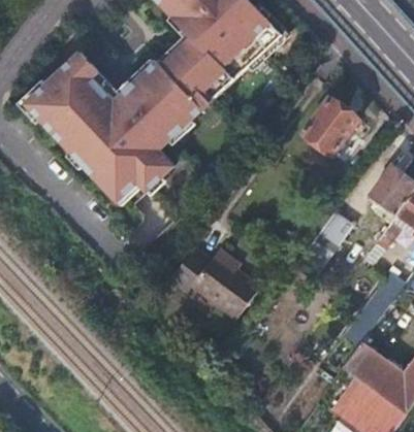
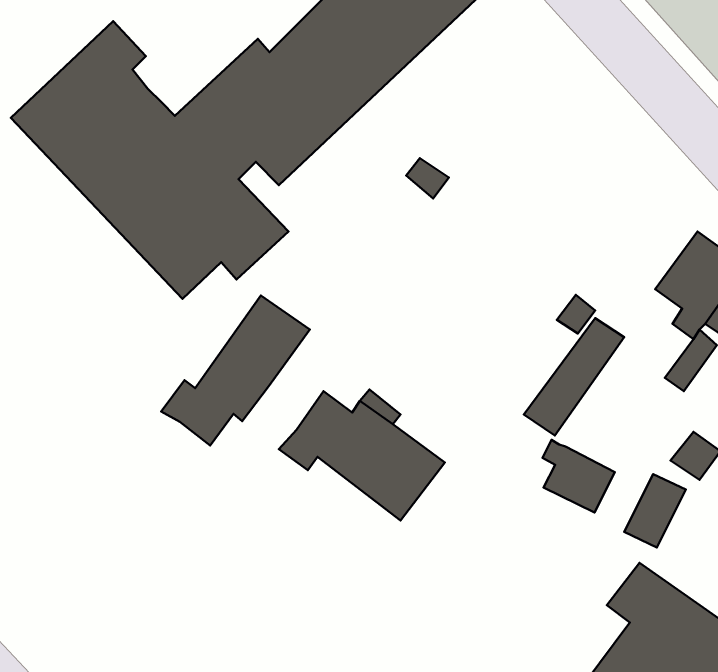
building: [302,97,358,154] -> none
building: none -> [161,296,310,445]
building: none -> [543,440,615,513]

